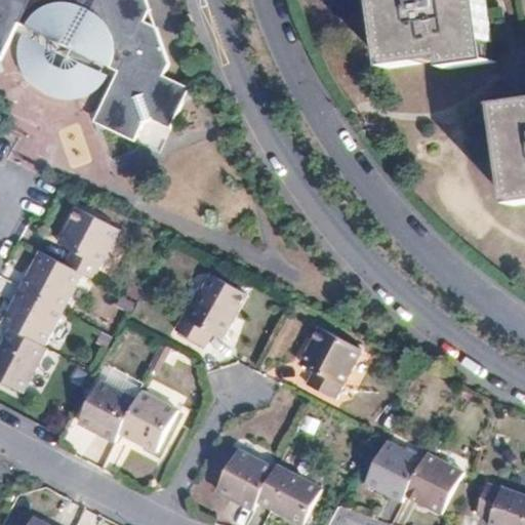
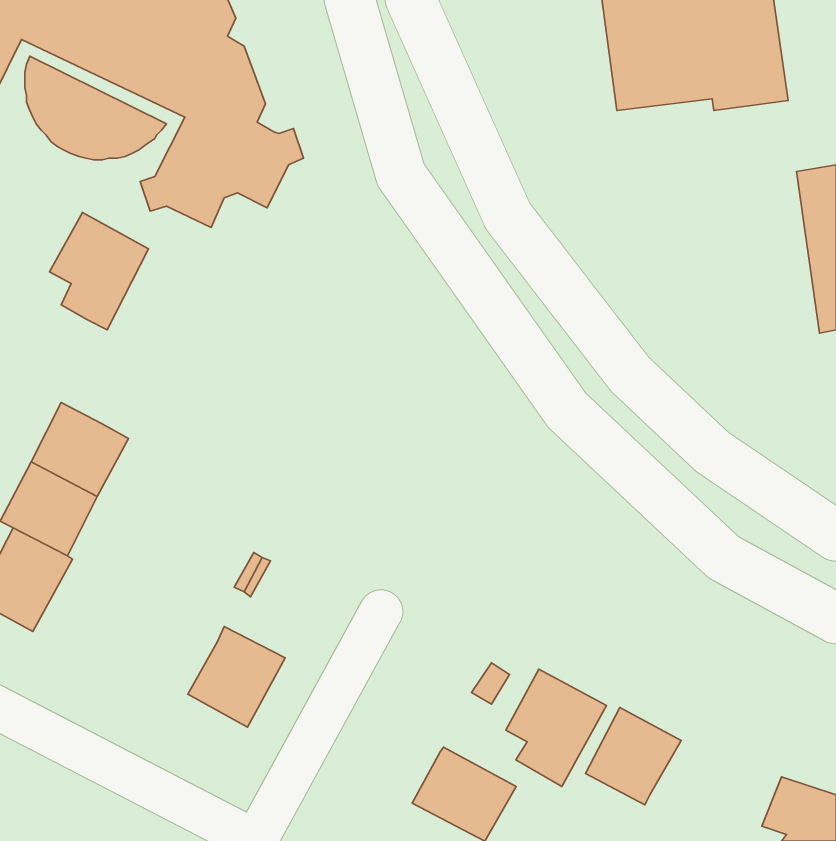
building: [56,206,118,279] -> [50,213,149,330]
building: [174,274,245,346] -> none
building: [298,326,361,399] -> [506,669,606,786]
building: [77,379,135,441] -> none
building: [215,448,274,509] -> none
building: [404,453,461,513] -> none

